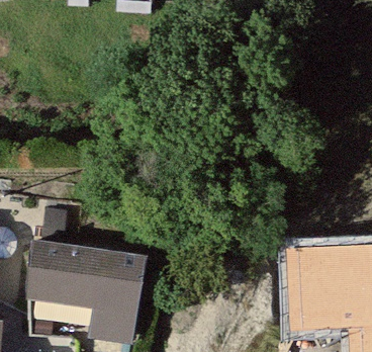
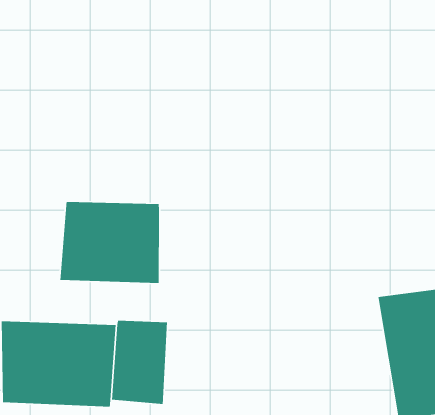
building: none -> [60,201,160,284]

